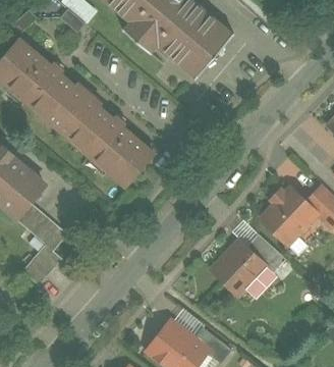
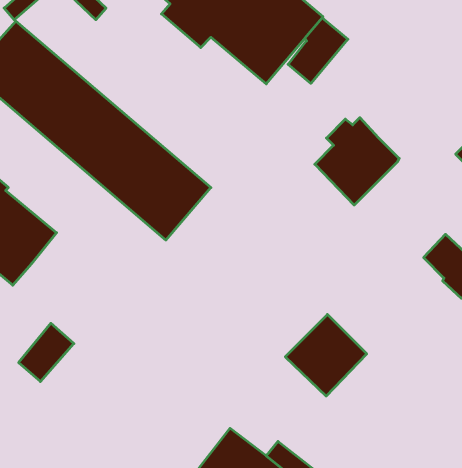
building: none -> [288,18,348,83]
building: [260,186,319,247] -> [315,118,399,205]
building: [15,204,67,253] -> none
building: [245,235,280,270] -> none

